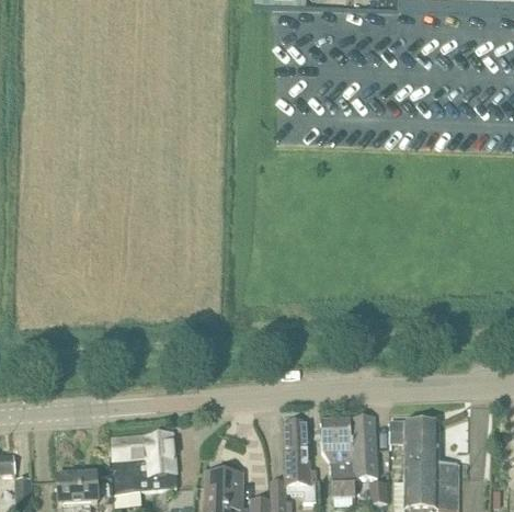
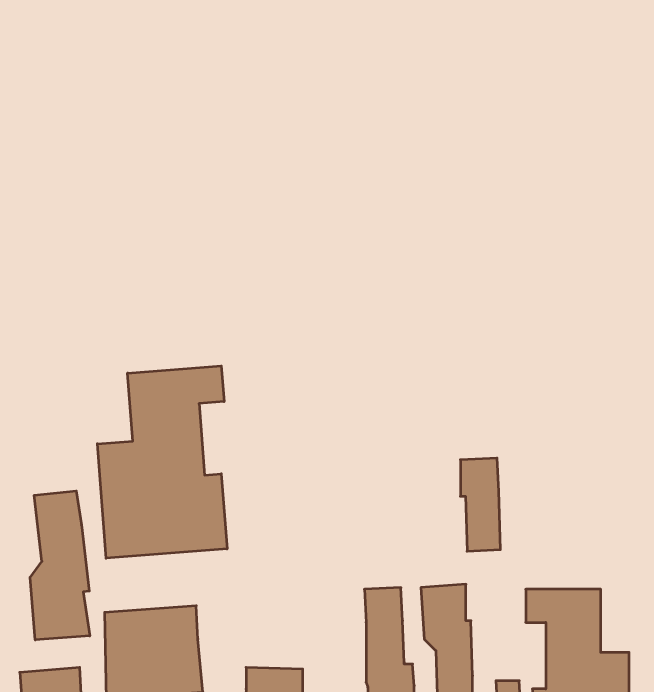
building: none -> [97,366,227,558]
building: none -> [30,491,90,640]
building: [351,413,377,475] -> [460,458,500,551]

